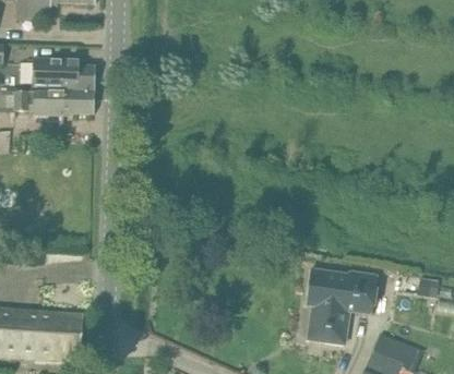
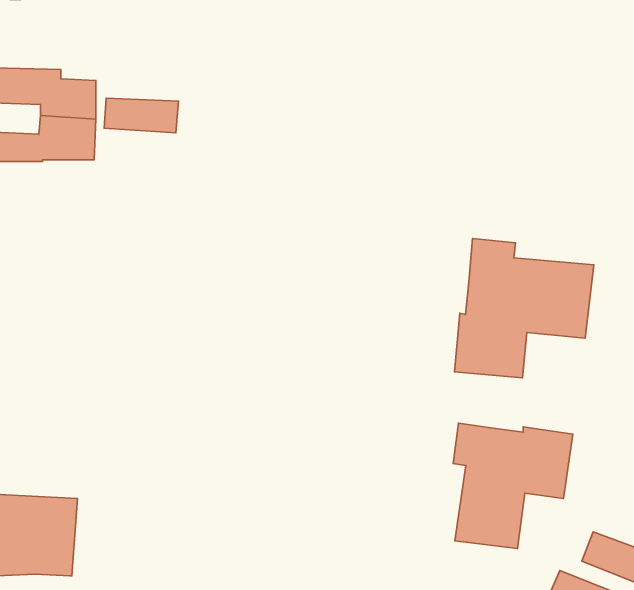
building: none -> [104,98,178,133]
building: none -> [454,239,594,378]

